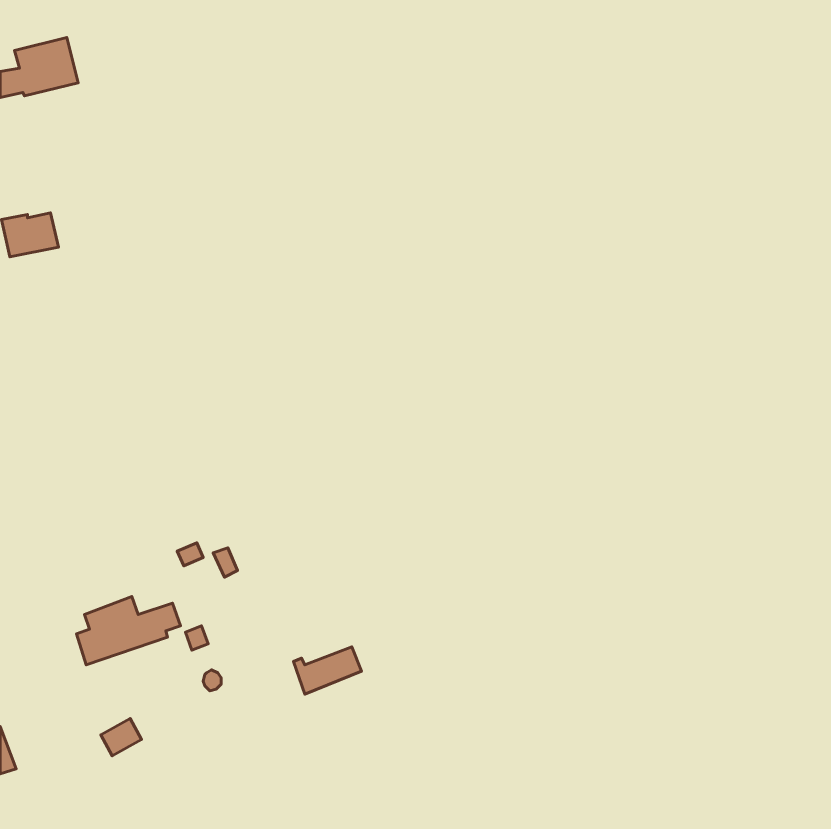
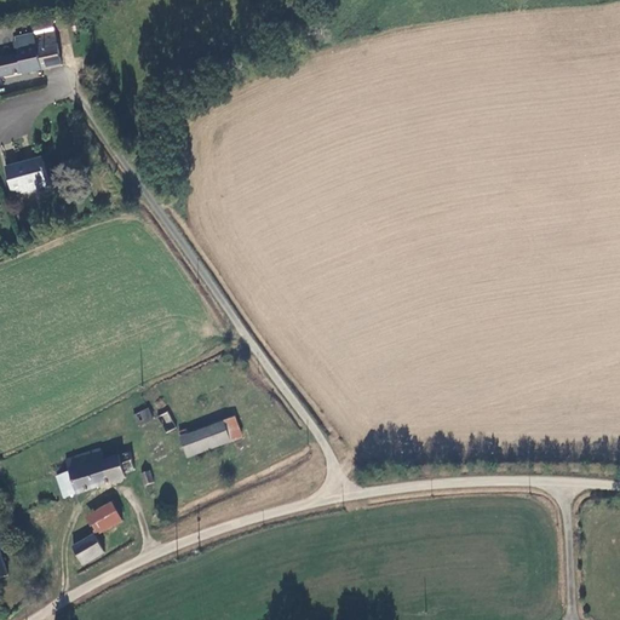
building: [293,647,362,694] -> [182,420,232,455]
building: none -> [88,505,122,536]

